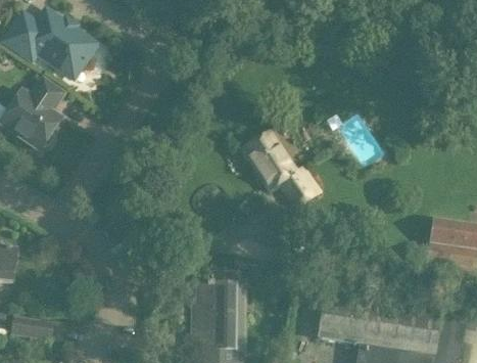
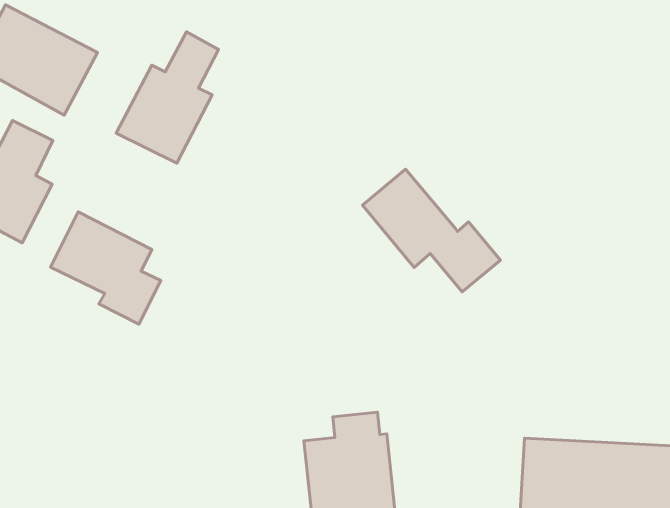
building: none -> [116,32,218,163]
building: none -> [50,212,161,324]

